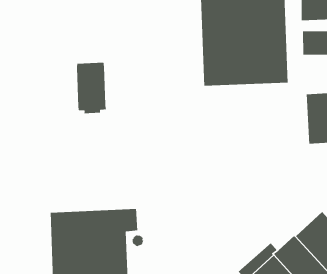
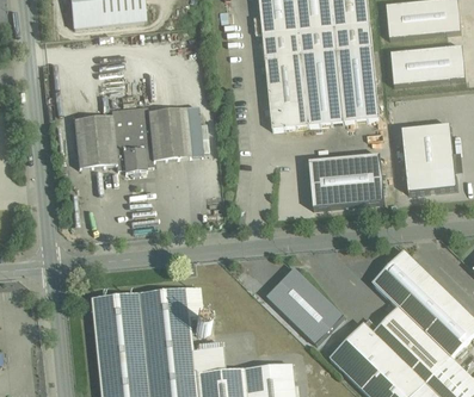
building: none -> [147,106,202,161]
building: none -> [73,116,116,168]
building: none -> [310,154,384,206]
building: none -> [373,250,431,309]
building: none -> [266,268,344,345]

